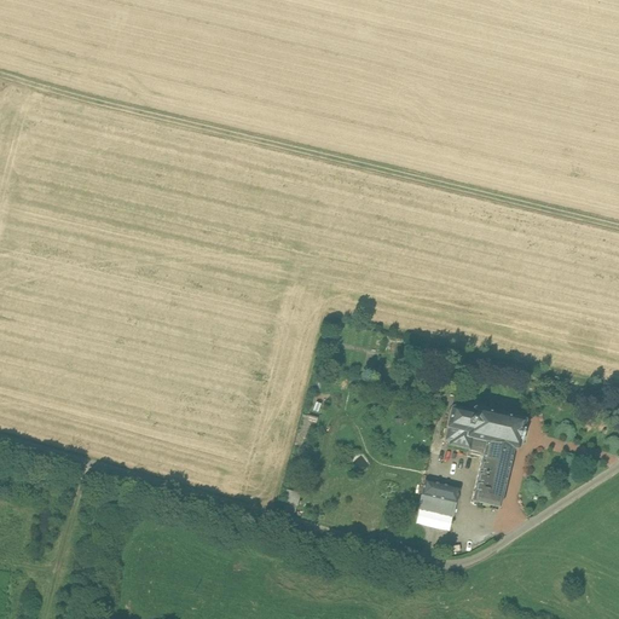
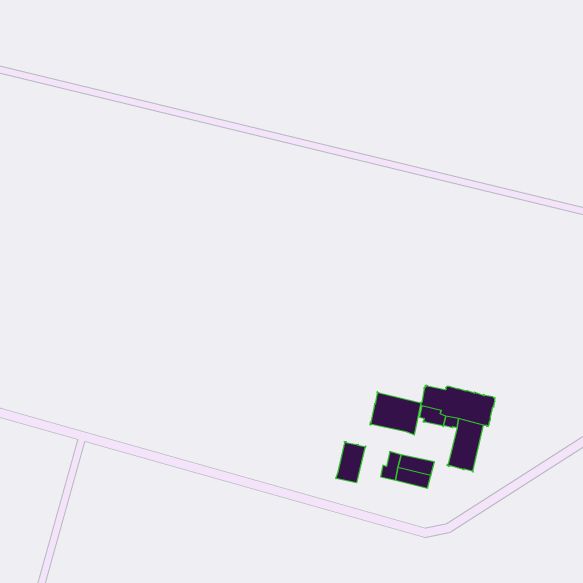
building: none -> [370,392,421,435]
building: none -> [336,442,366,483]

